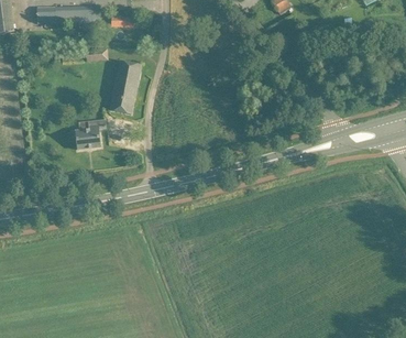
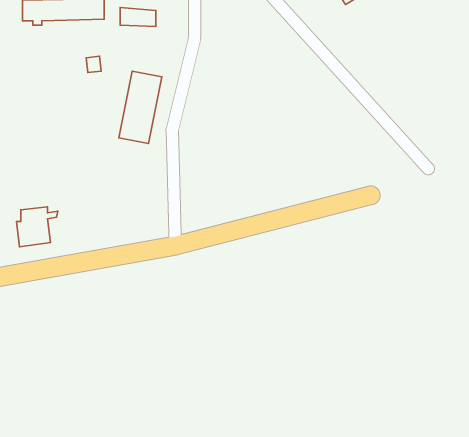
building: [75,119,106,149] -> [16,207,58,247]

